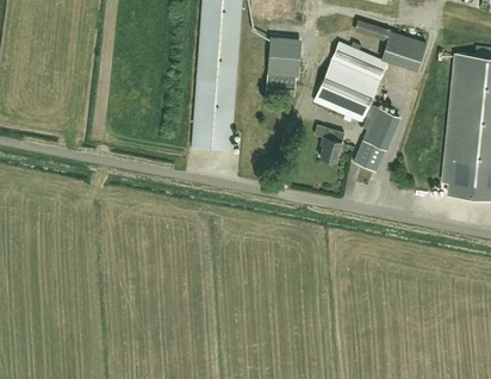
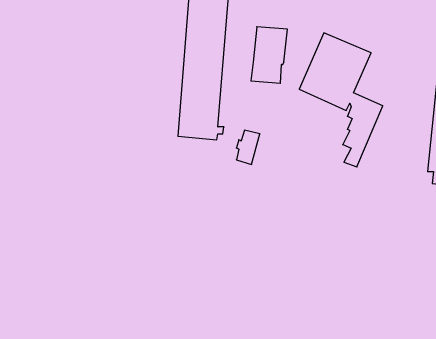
building: [356,19,427,70] -> none
building: [319,129,343,163] -> [236,130,260,164]

